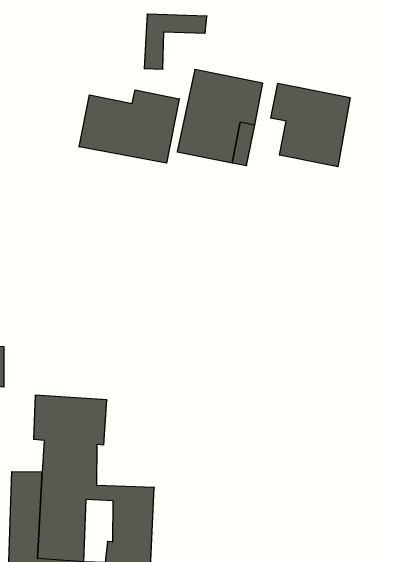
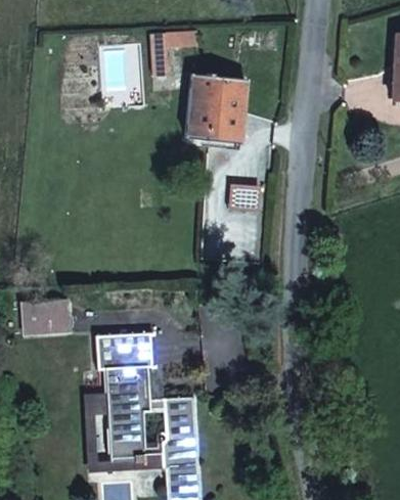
building: [271,83,350,167] -> none
building: [79,90,179,163] -> none

